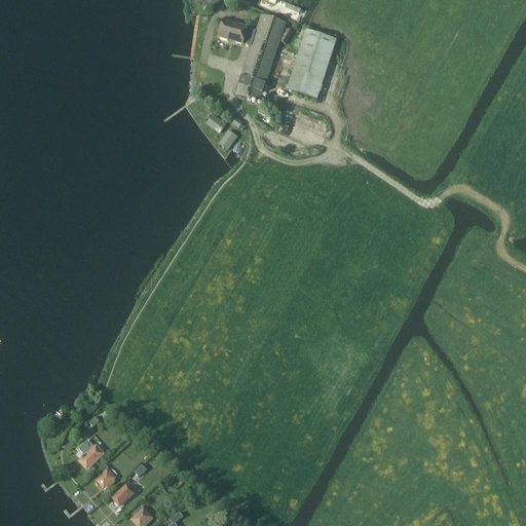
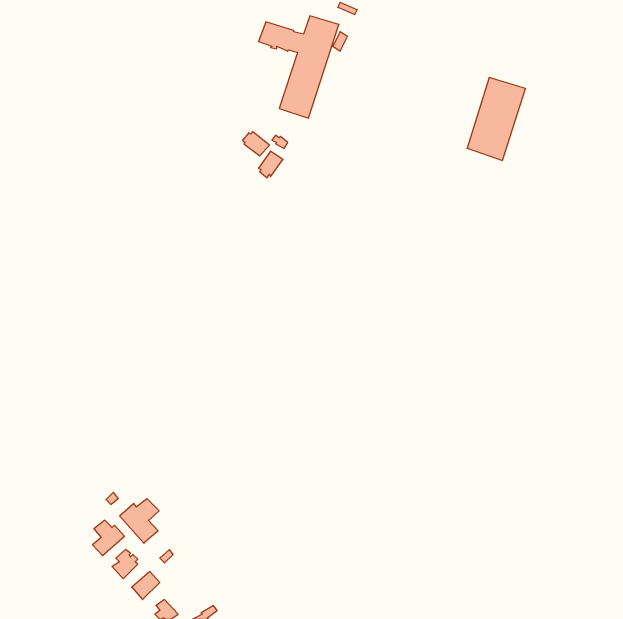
building: [288,29,337,99] -> [467,78,526,160]
building: none -> [120,499,159,543]

